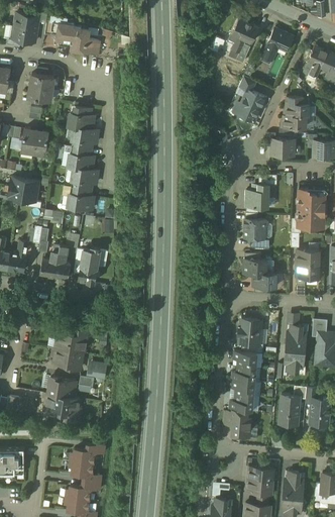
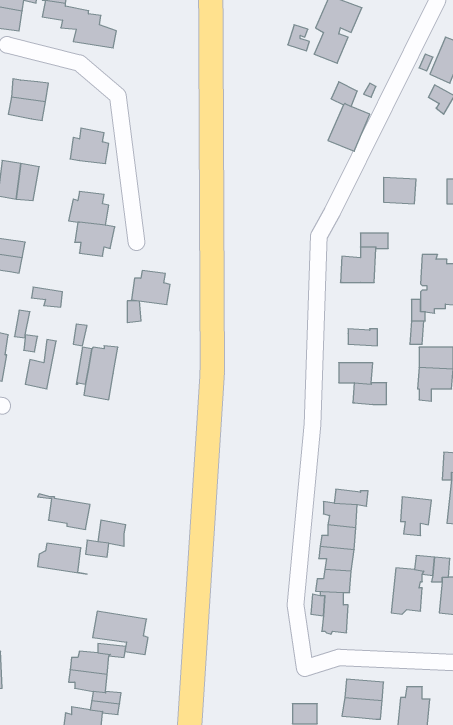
building: [260,28,293,65] -> none
building: [284,103,309,127] -> none
building: [72,127,98,149] -> none
building: [68,188,93,210] -> [131,271,170,305]
building: [244,219,267,240] -> none
building: [53,245,71,279] -> none
building: [238,319,260,344] -> none
building: [286,324,306,349] -> none
building: [55,329,91,353] -> none
building: [44,393,81,421] -> [93,611,148,655]

